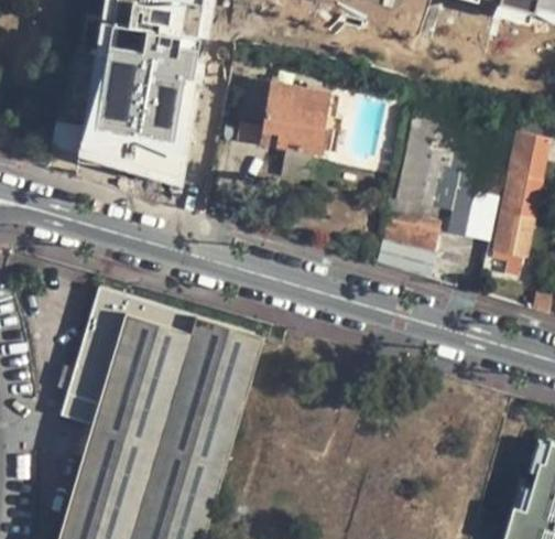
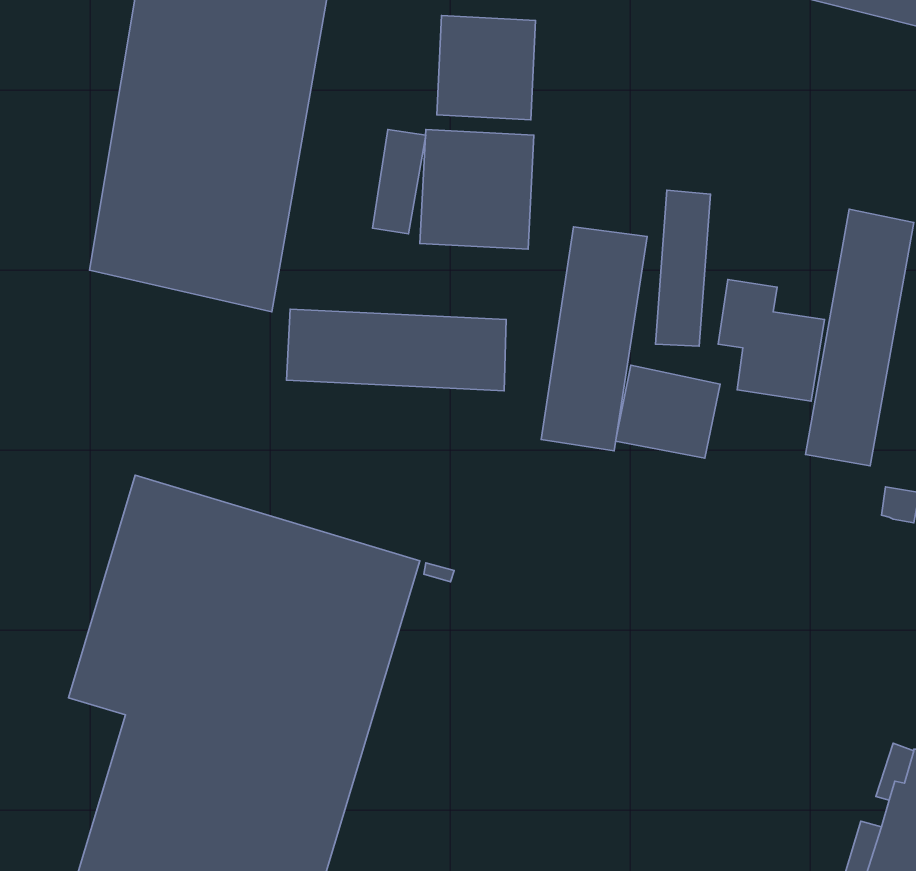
building: none -> [437,16,535,120]
building: none -> [541,227,647,451]
building: none -> [286,309,506,391]

